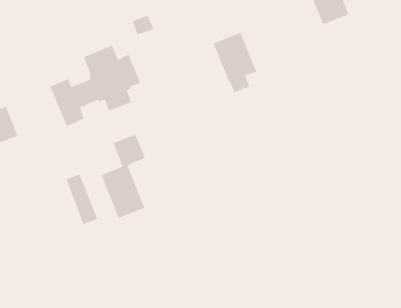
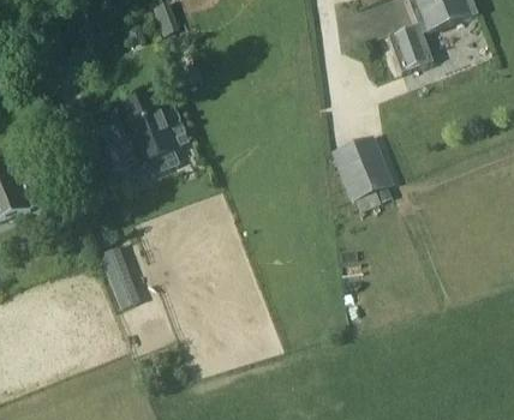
building: [212,32,257,93] -> [335,138,388,210]
building: [100,134,146,219] -> none

